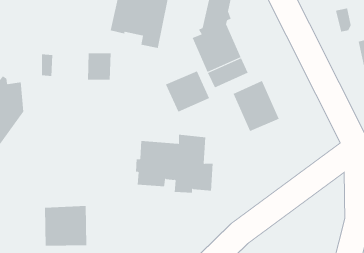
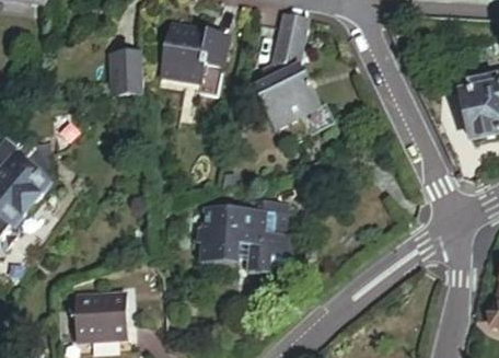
building: [87,53,111,80] -> [115,43,144,76]
building: [165,71,210,113] -> none
building: [233,80,280,132] -> none

